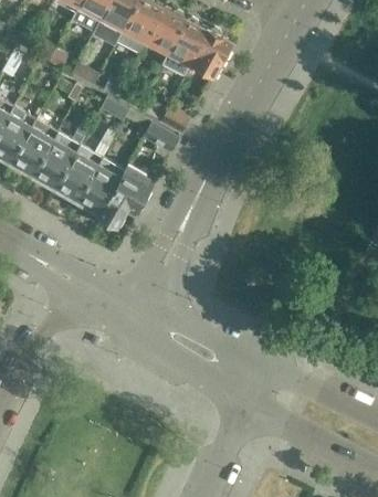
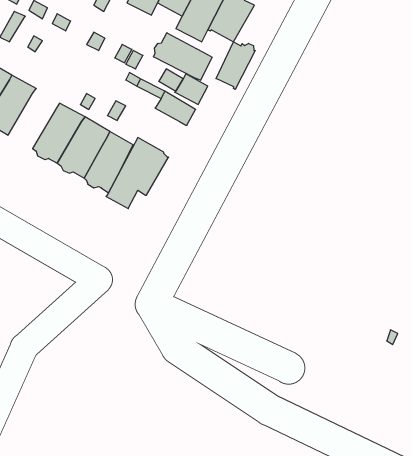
building: none -> [154,33,212,80]
building: none -> [216,42,255,89]
building: [8,119,54,173] -> none

